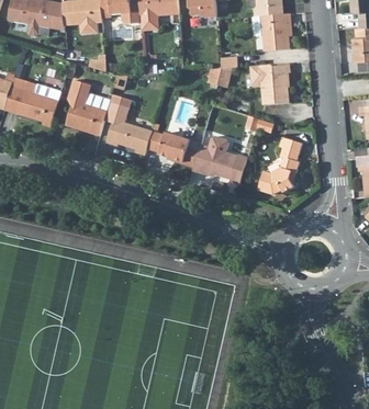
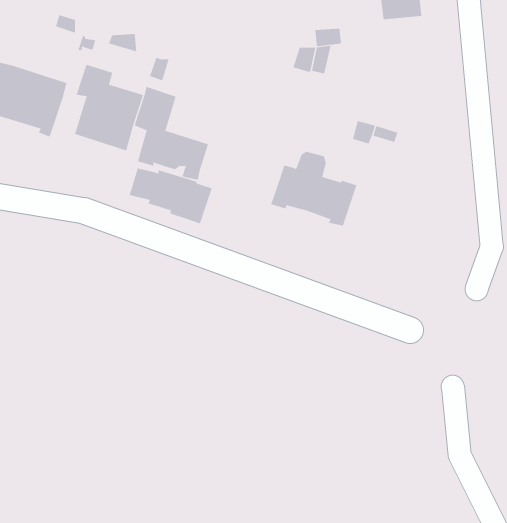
building: [248,64,290,105] -> none
building: [146,132,200,168] -> [129,168,212,224]
building: [257,137,302,195] -> none

